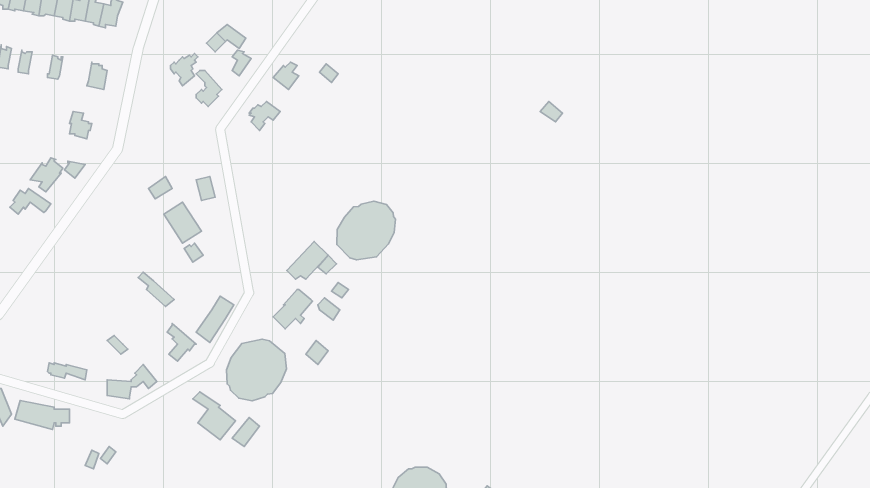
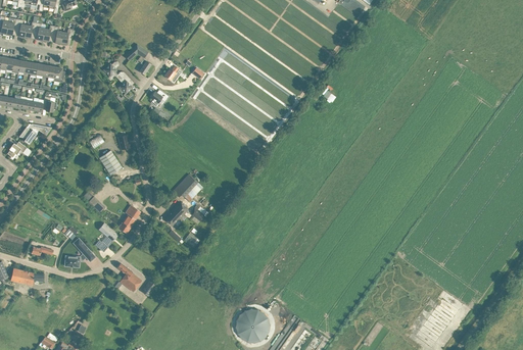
building: [337,201,396,260] -> none
building: [227,339,287,401] -> none

